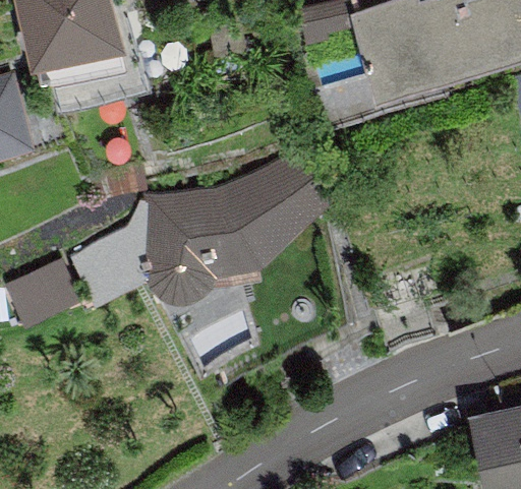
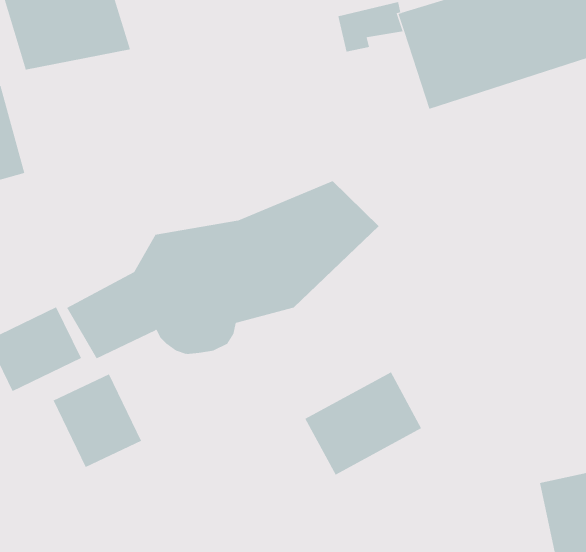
building: none -> [305,371,422,476]
building: none -> [53,373,142,468]

